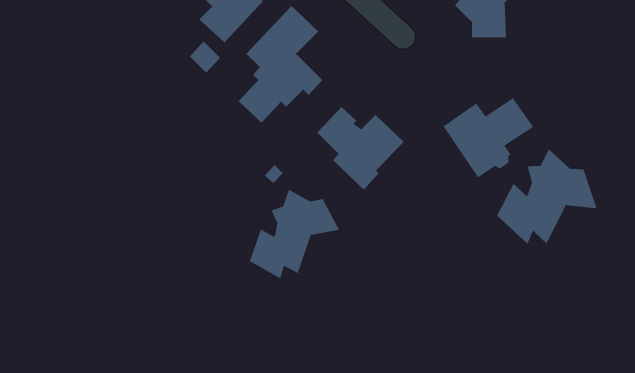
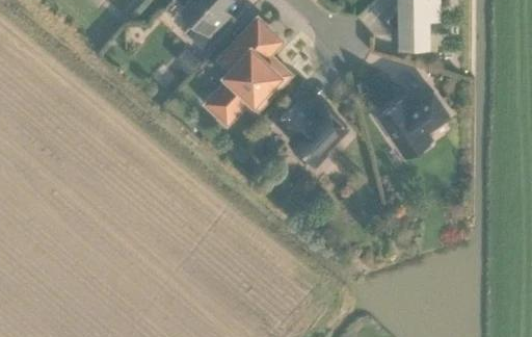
building: [496,148,598,245] -> none
building: [249,189,340,280] -> none

